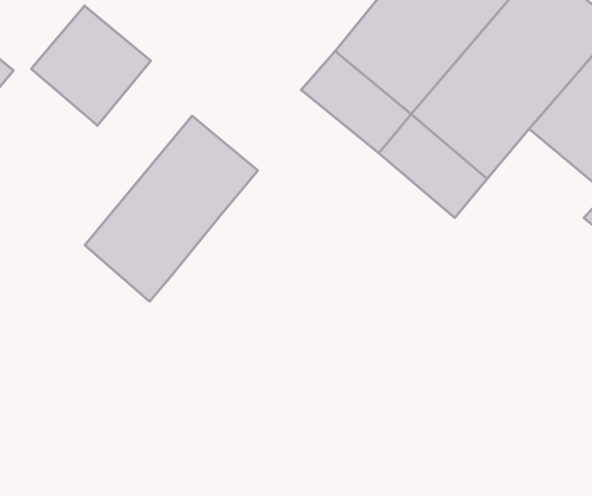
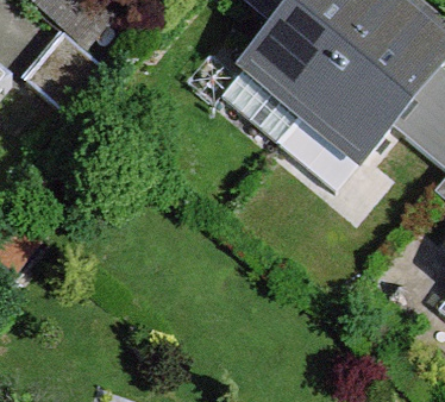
building: [85,116,258,301] -> none

